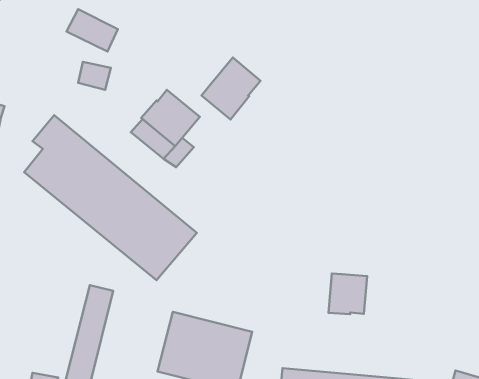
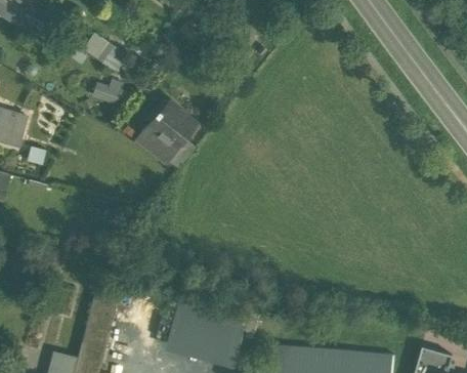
building: [202,58,261,120] -> none
building: [24,115,197,280] -> none
building: [328,274,367,314] -> none

